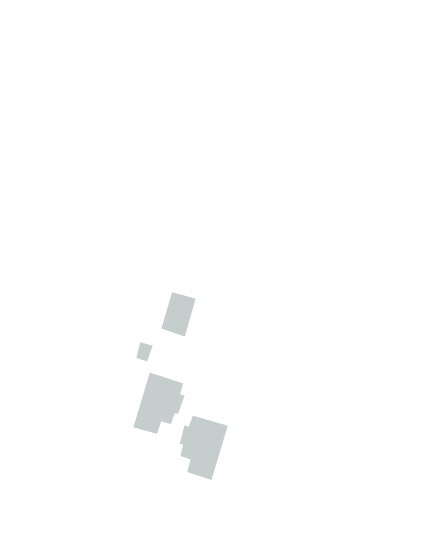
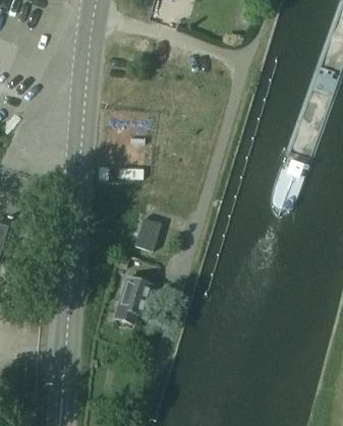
building: [179,415,229,481] -> none

